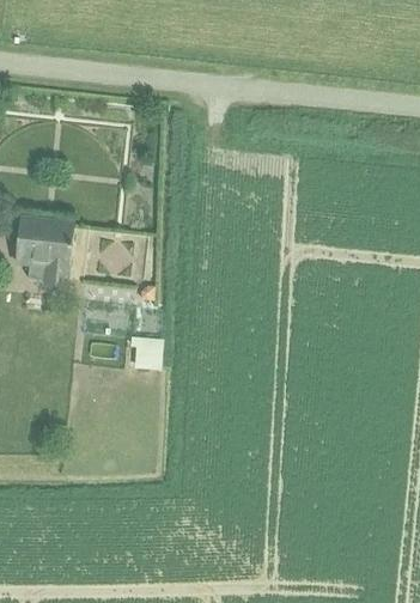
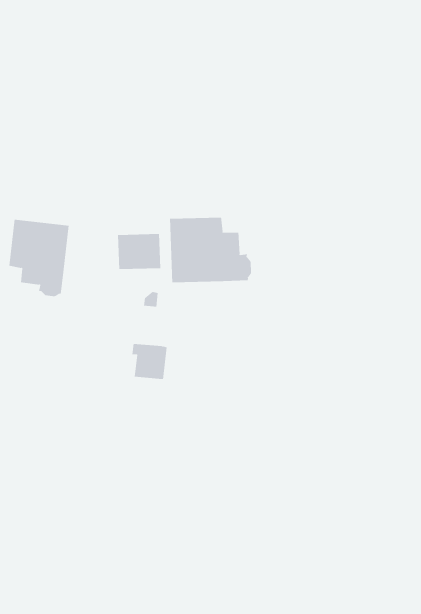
building: none -> [169,217,252,283]

